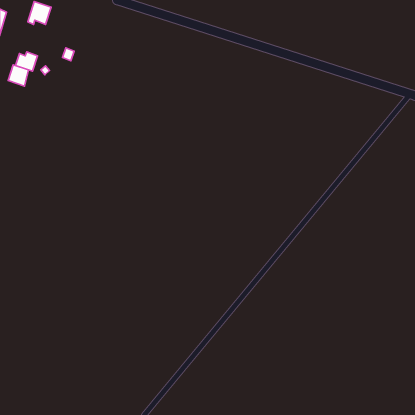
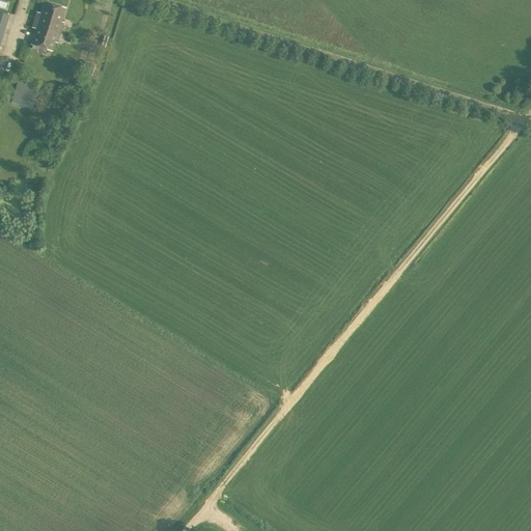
building: [15,52,37,71] -> [30,26,58,51]

